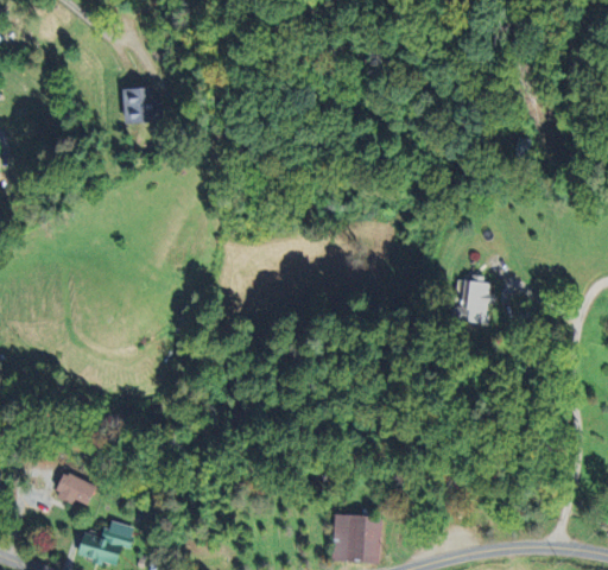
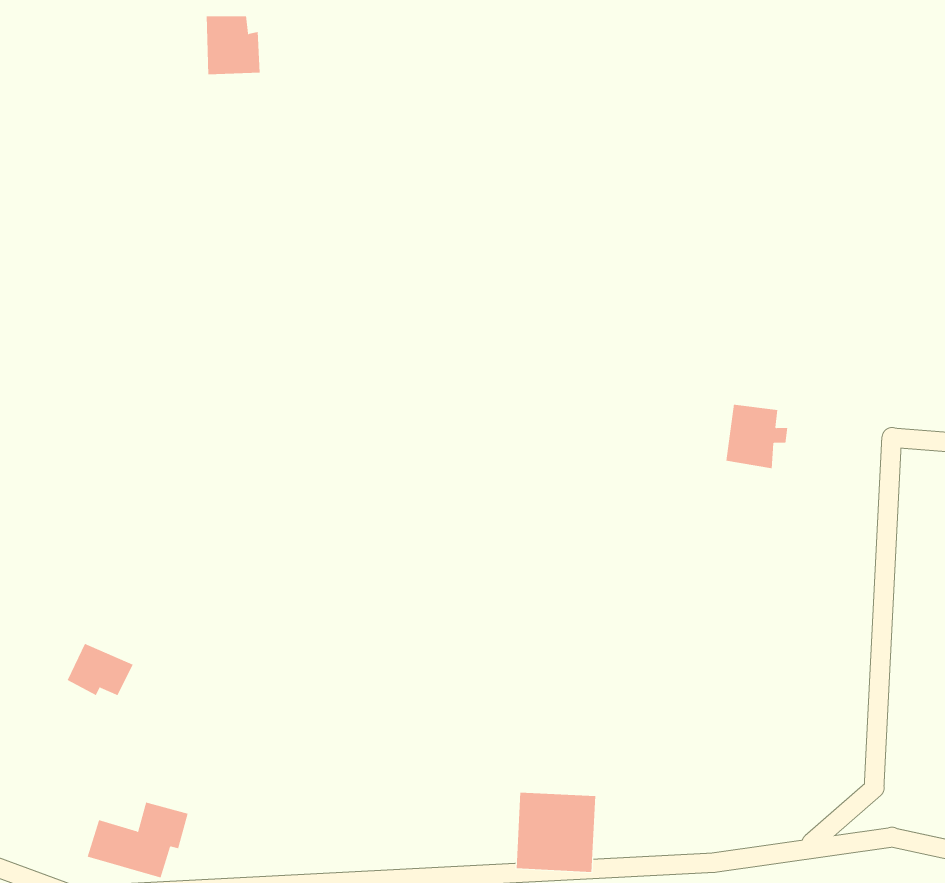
building: [125,87,158,122] -> [206,16,261,75]
building: [53,471,94,504] -> [67,643,133,696]

